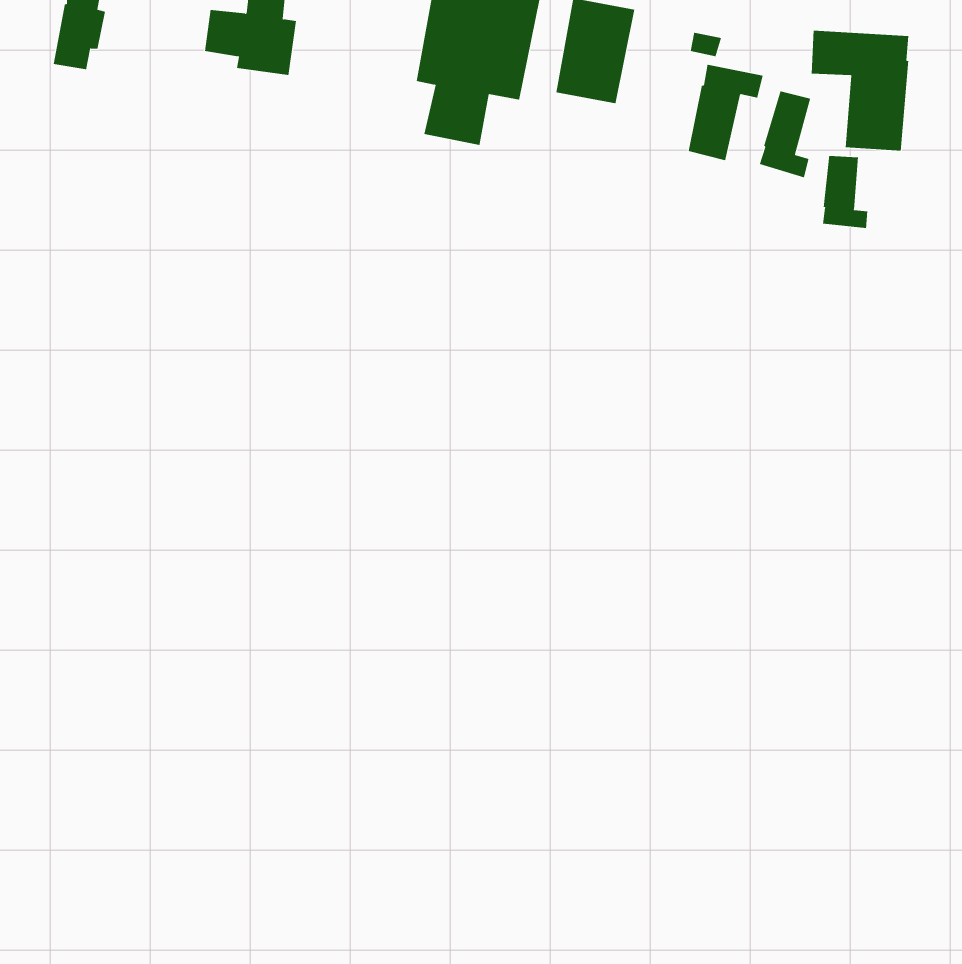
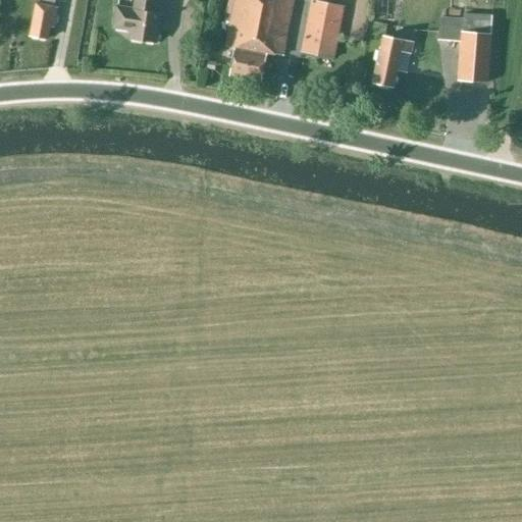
building: [759,91,811,178] -> none
building: [823,155,868,229] -> none

